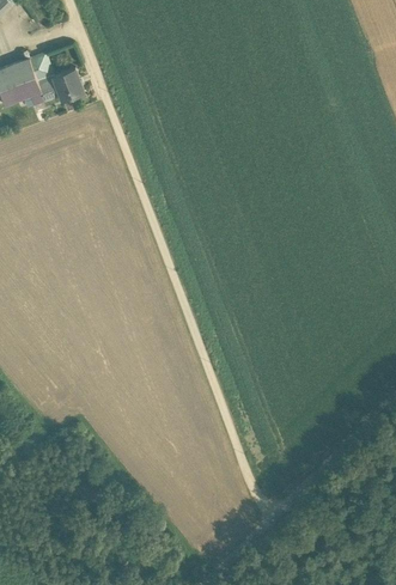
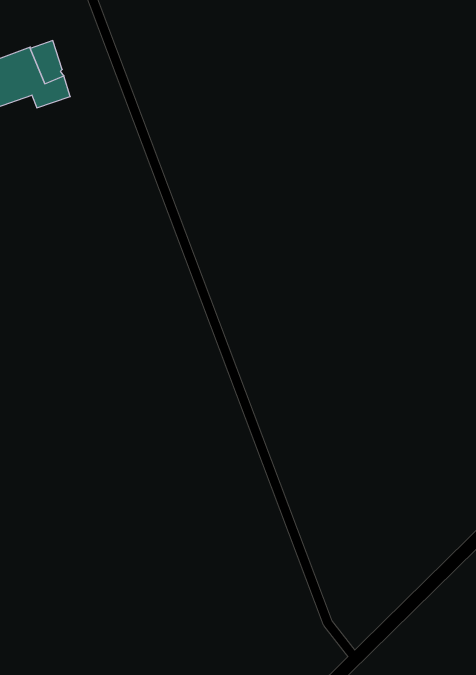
building: [50,68,83,102] -> none

